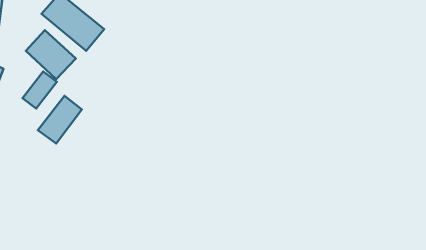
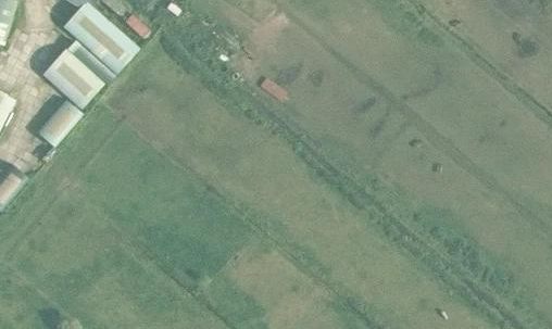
building: [38,96,82,143] -> none

